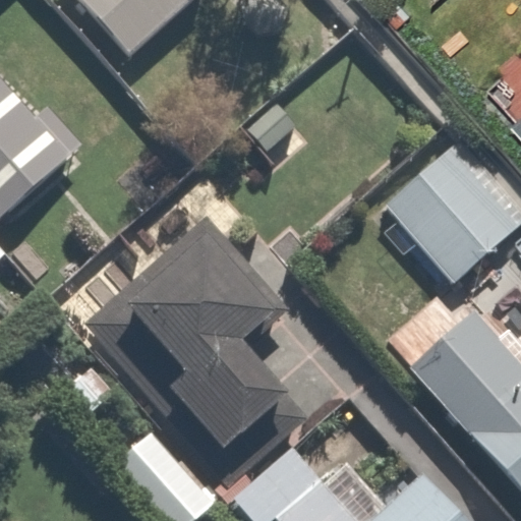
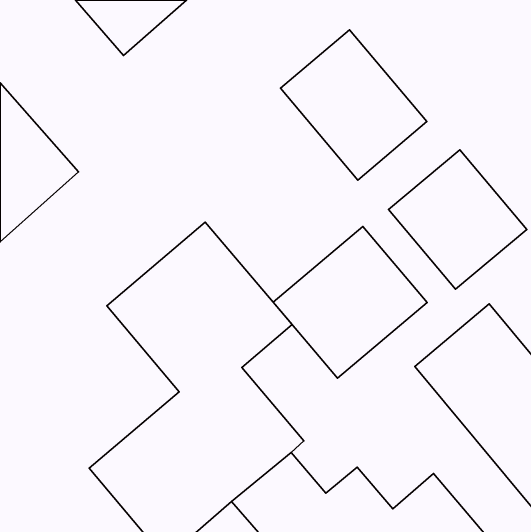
building: none -> [280,30,427,180]
building: none -> [273,226,427,378]

